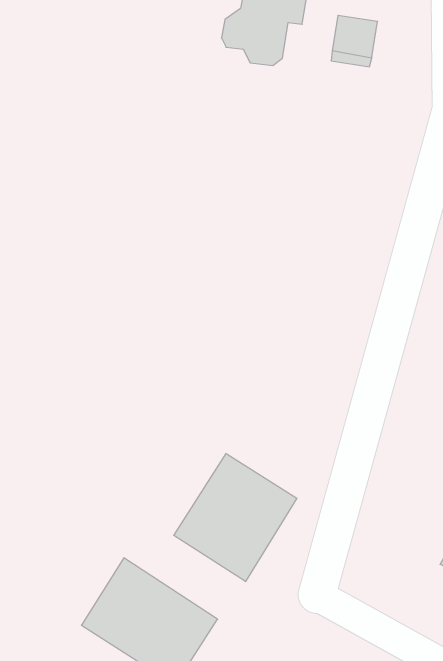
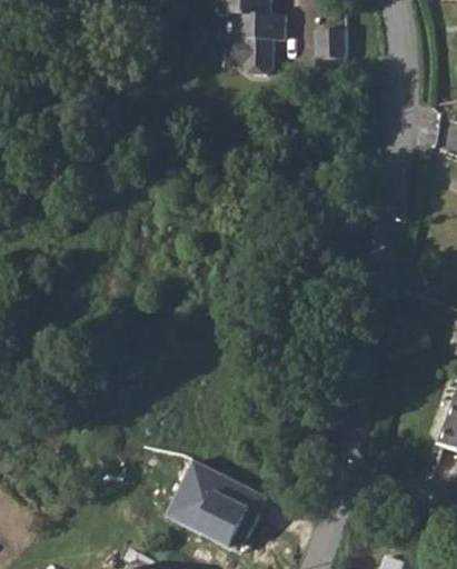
building: [174,453,297,582] -> none

